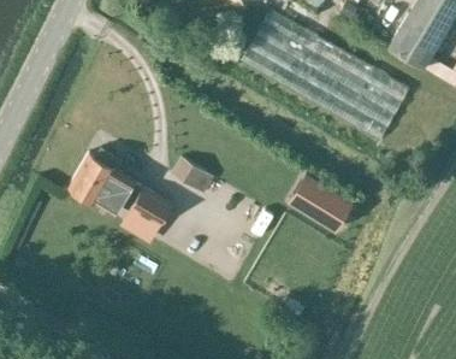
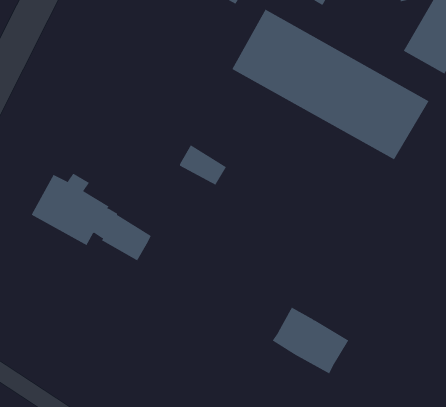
building: [172,158,213,193] -> [179,145,227,185]
building: [286,173,353,231] -> [272,307,349,374]

